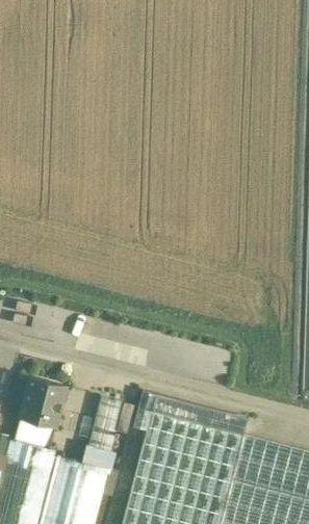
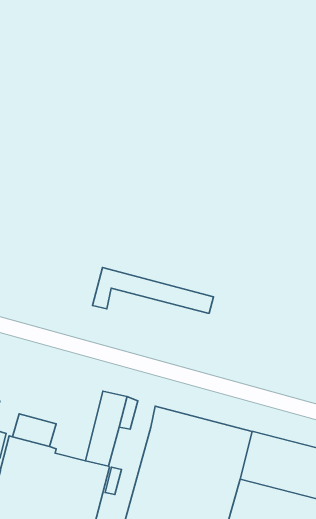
building: [20,377,66,427] -> none
building: [132,391,248,435] -> [93,267,213,313]

